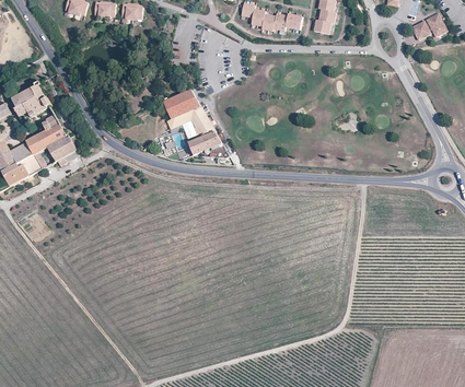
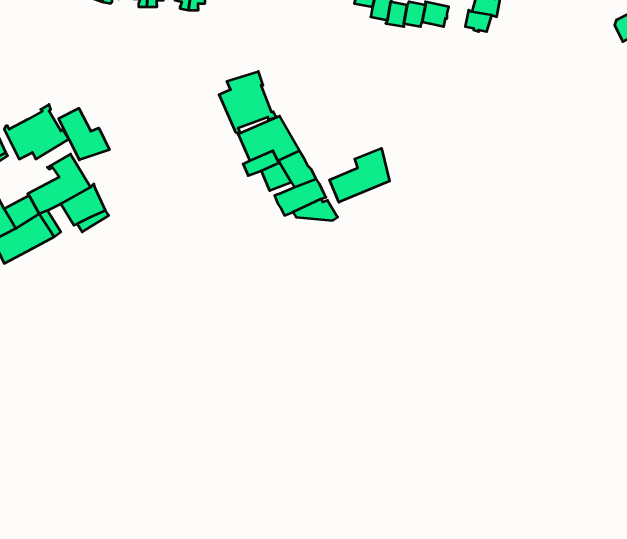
building: none -> [219,71,276,134]
building: none -> [59,108,109,160]
building: none -> [330,148,390,202]

